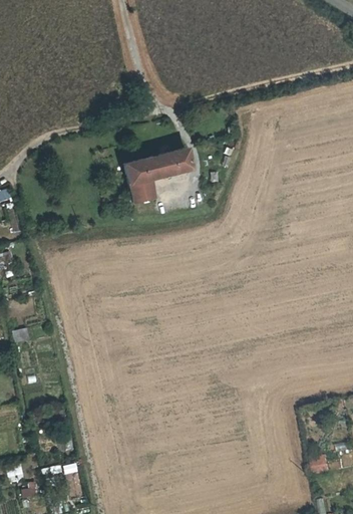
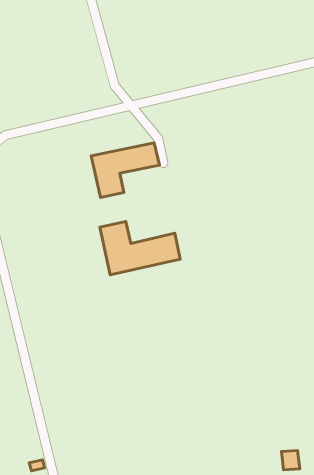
building: none -> [100,221,180,275]

